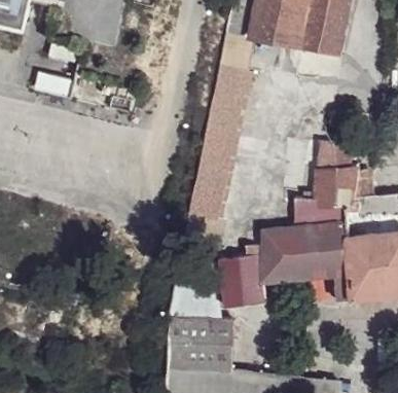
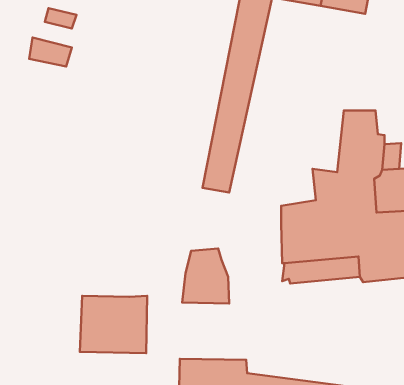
building: [222,245,268,306] -> none
building: [171,317,232,369] -> [80,296,147,353]

